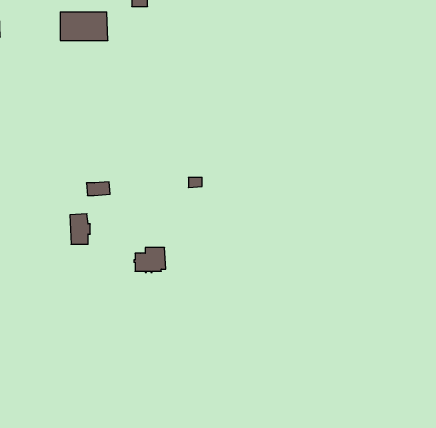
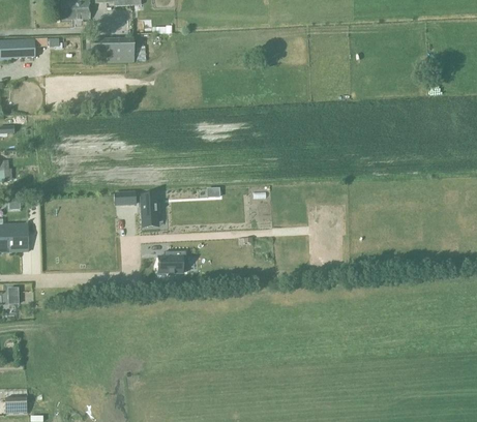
building: [70,214,90,244] -> [140,194,158,222]

